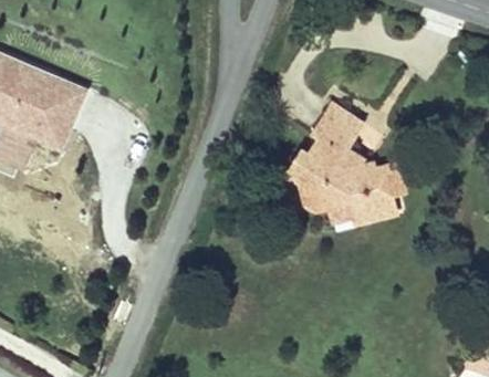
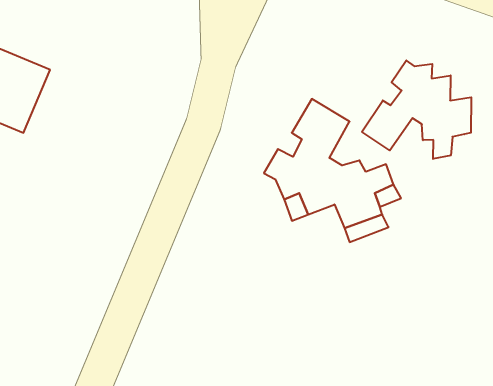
building: none -> [362,60,471,159]

